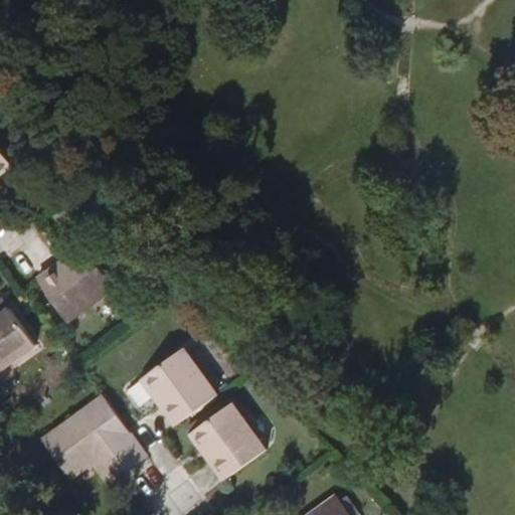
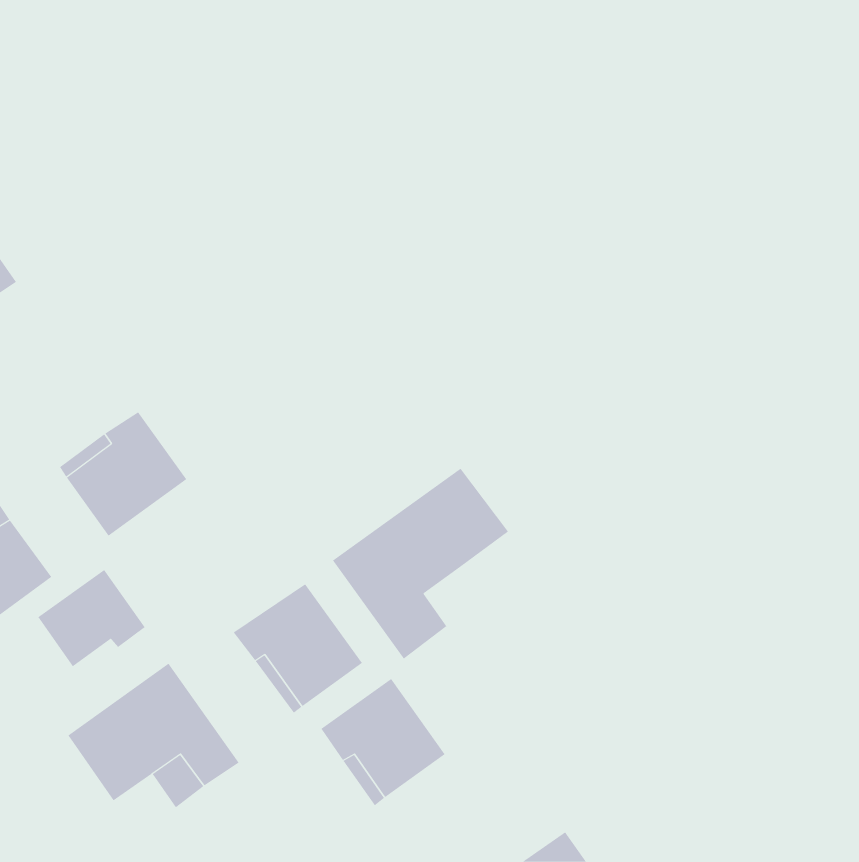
building: none -> [332,468,509,659]
building: none -> [37,569,146,667]

